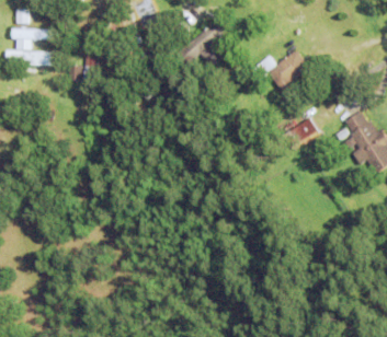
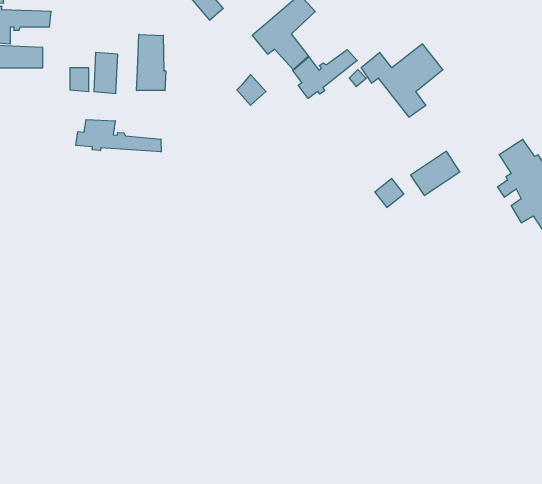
building: none -> [137,34,166,91]
building: none -> [293,50,357,98]
building: none -> [76,120,161,152]

